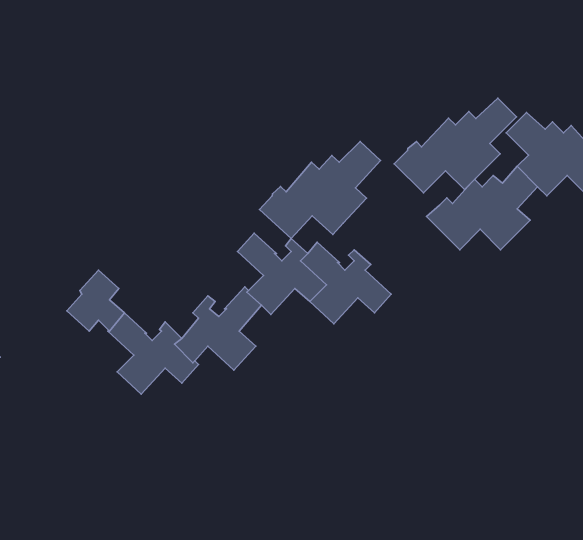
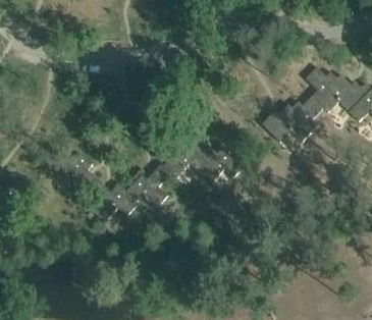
building: [394,98,517,193] -> none
building: [260,141,381,239] -> none

